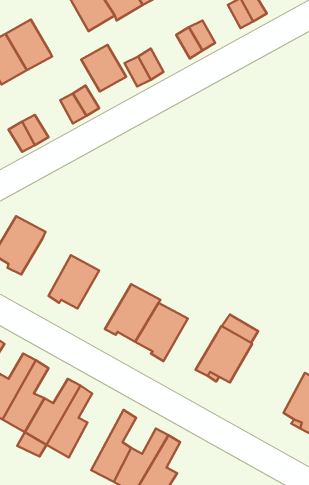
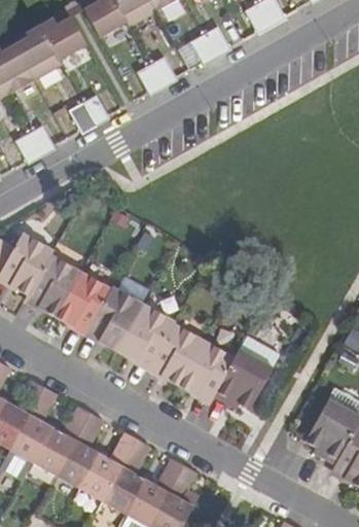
building: [81,45,126,92] -> [39,10,86,60]
building: none -> [27,257,81,318]
building: none -> [88,287,145,353]
building: none -> [179,342,235,400]
building: none -> [79,431,137,502]

